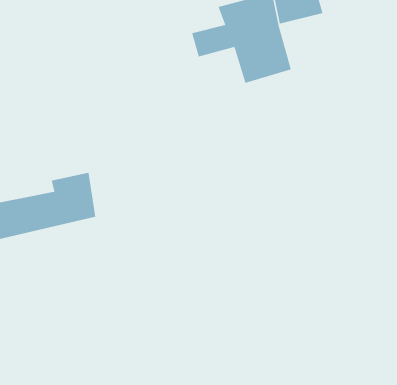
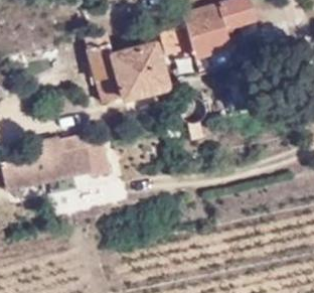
building: none -> [87,42,165,101]

